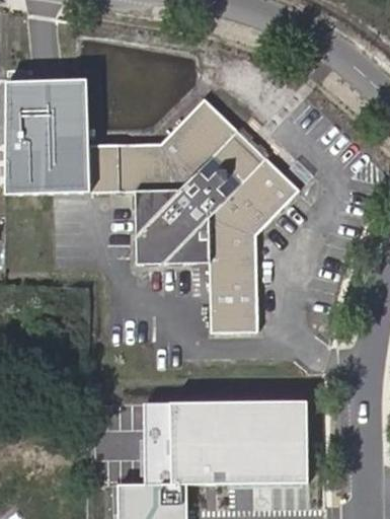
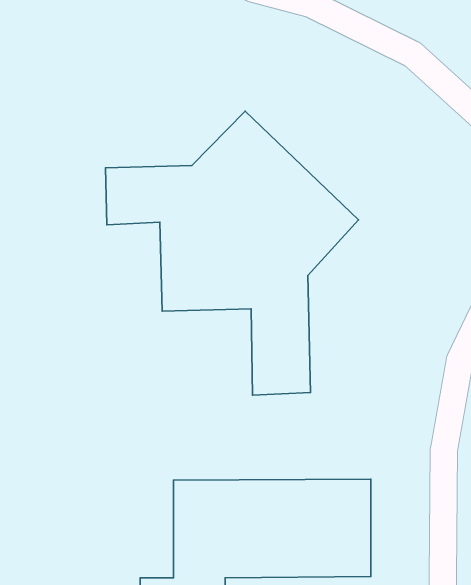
building: [7,78,90,194] -> none

